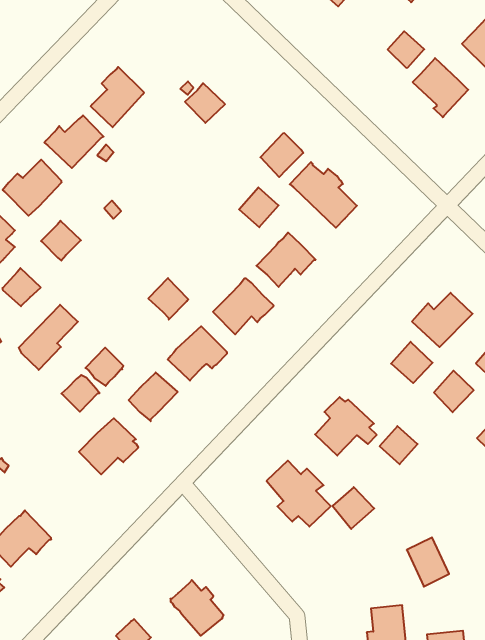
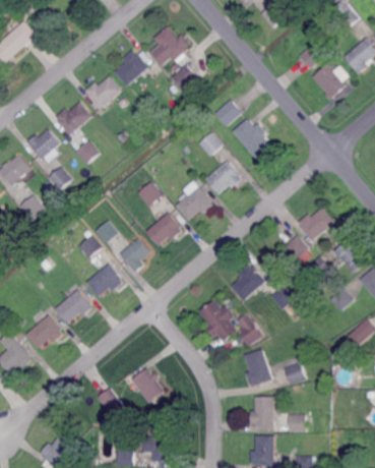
building: none -> [152,25,188,62]
building: [19,305,78,370] -> none
building: none -> [56,289,93,323]
building: none -> [244,348,272,387]

